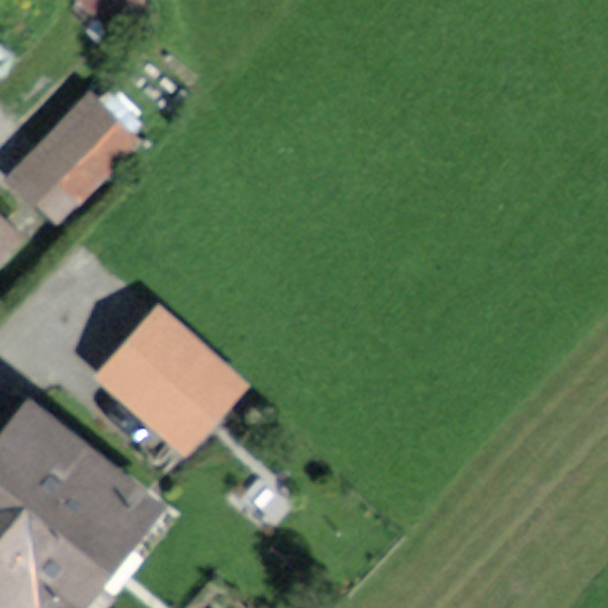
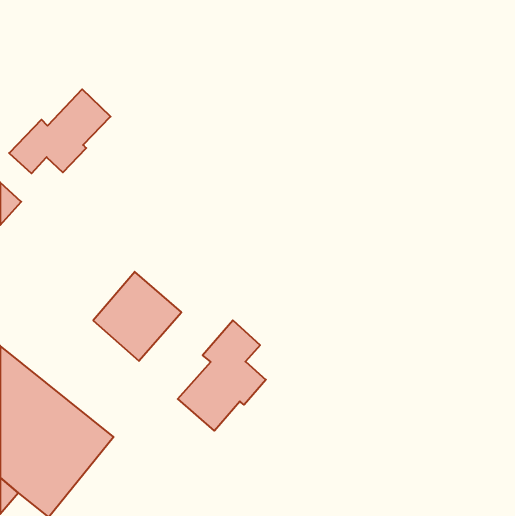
building: none -> [178,320,266,431]

